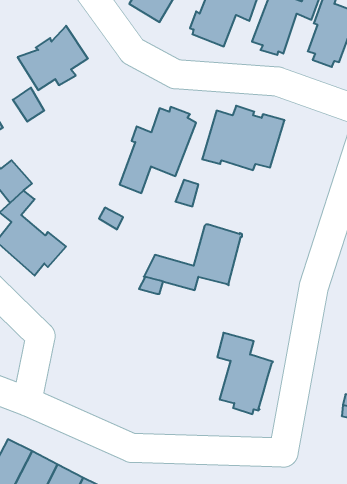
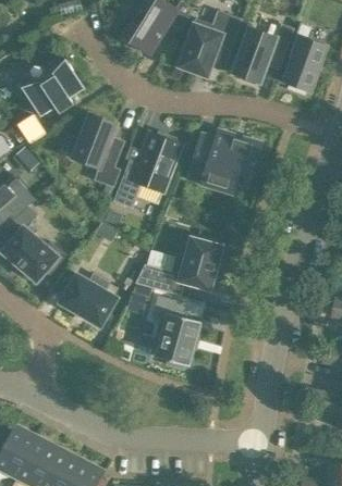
building: none -> [65,113,122,187]
building: none -> [60,273,118,326]
building: [217,333,273,414] -> [152,296,203,369]

